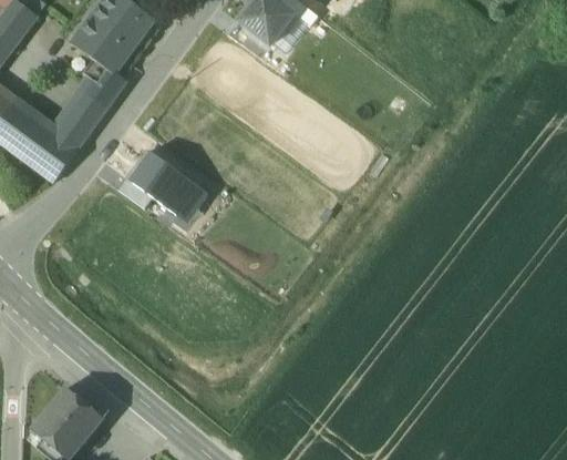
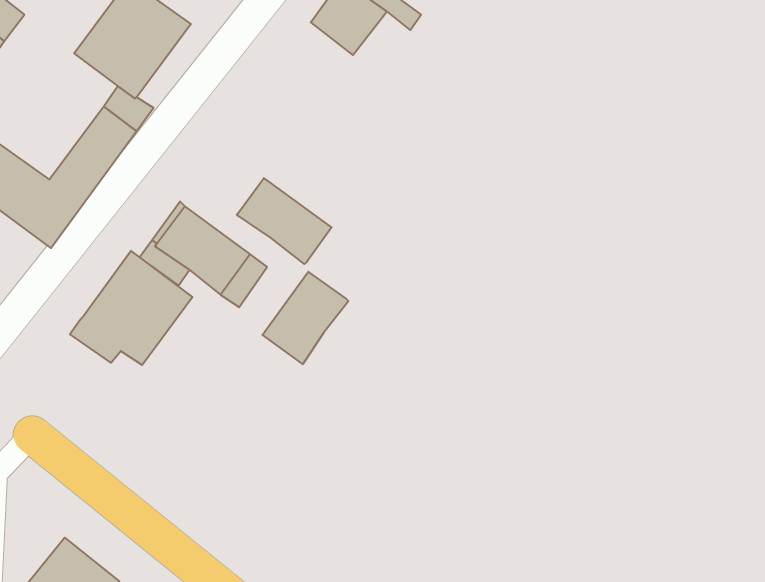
building: none -> [237,178,332,264]
building: none -> [70,251,192,365]
building: none -> [262,272,348,364]

